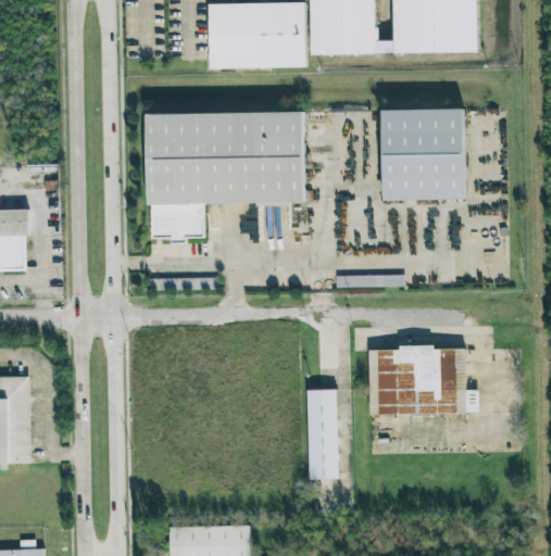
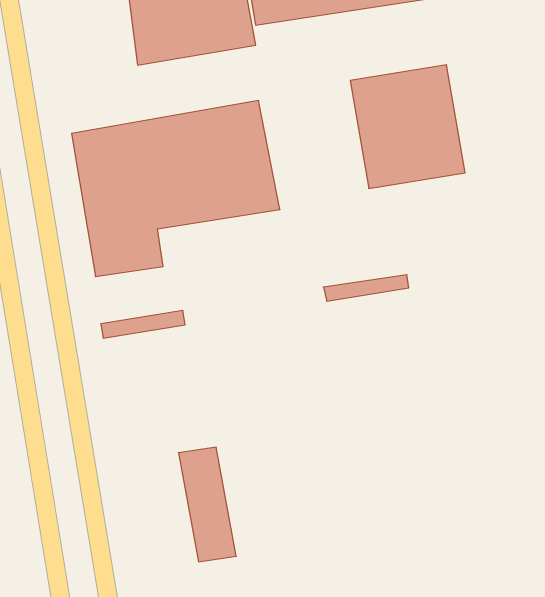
building: [365,345,476,414] -> none
building: [302,391,337,482] -> [178,447,236,562]

